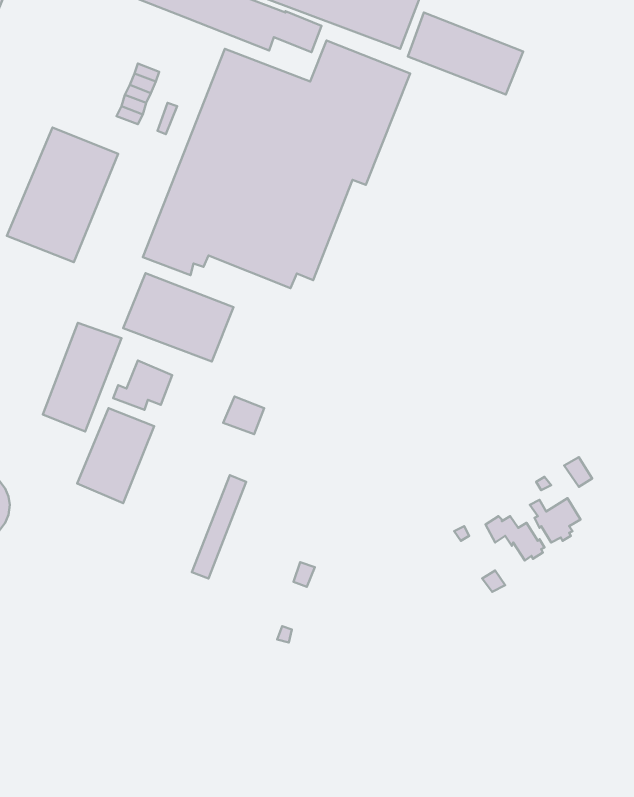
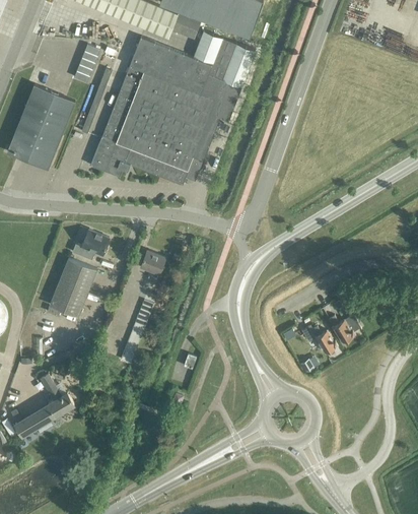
building: [408,12,523,95] -> none
building: [123,273,233,361] -> none
building: [43,323,121,432] -> none
building: none -> [14,376,73,437]

